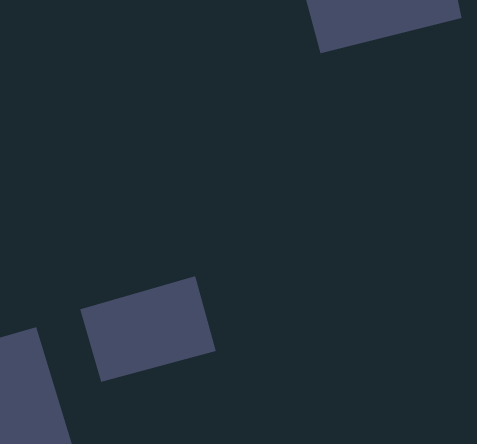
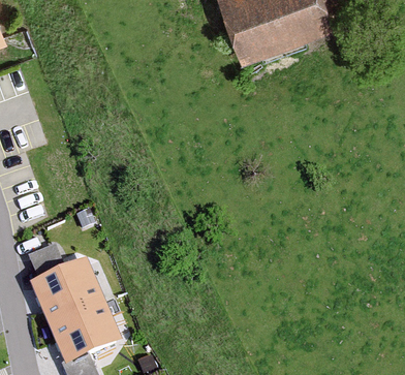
building: [79,275,217,383] -> none

